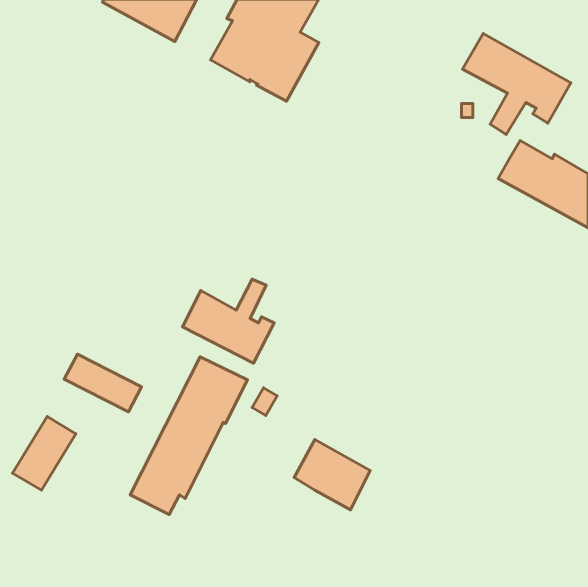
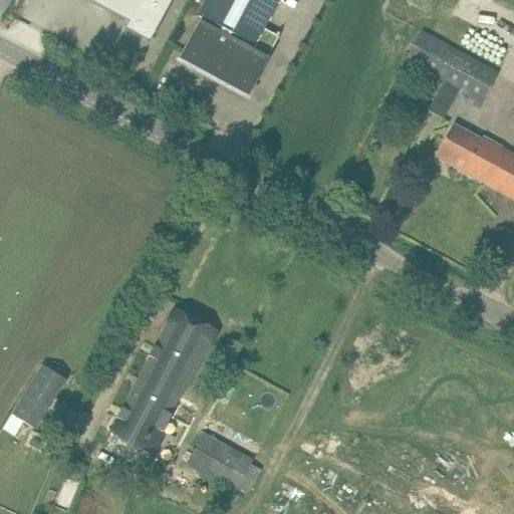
building: [183,279,274,363] -> none
building: [64,354,142,412] -> none
building: [294,440,370,510] -> [186,431,252,492]

